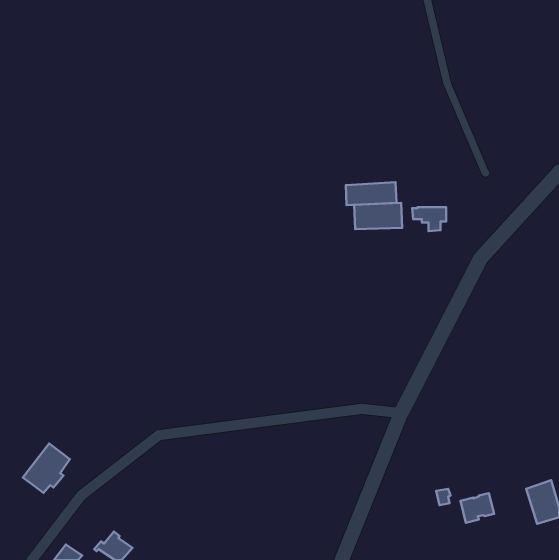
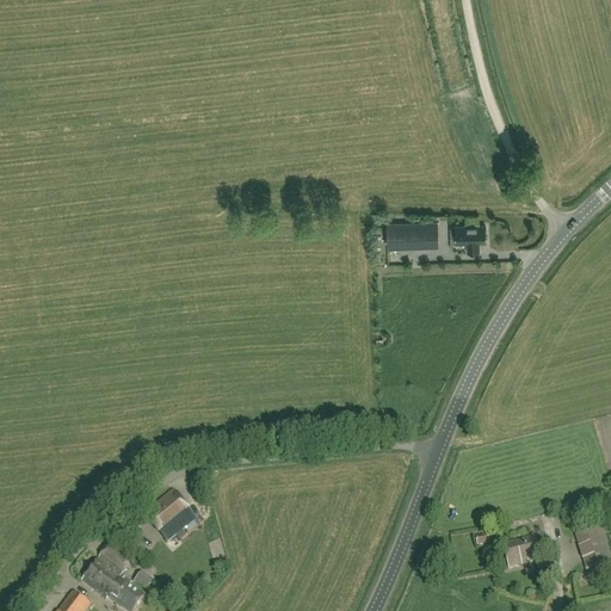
building: [346,182,396,205] -> none
building: [23,444,70,493] -> [80,544,131,598]
building: none -> [143,490,196,543]

